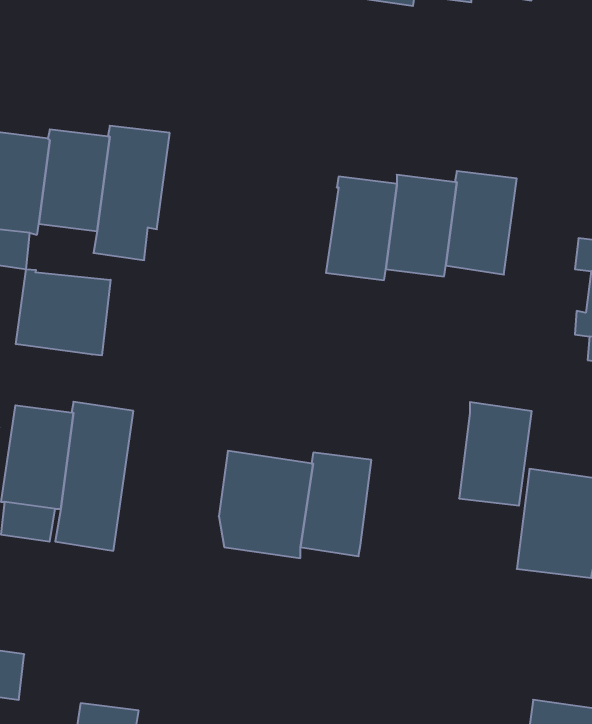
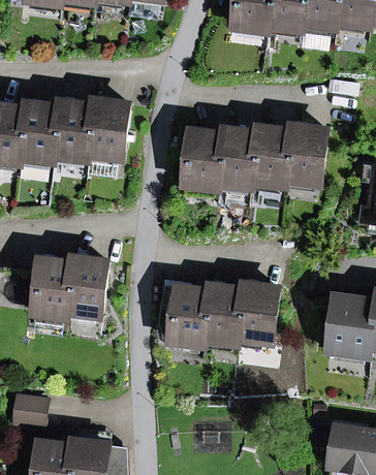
building: none -> [183,130,224,189]
building: [16,269,111,355] -> none
building: [459,402,532,506] -> [237,283,278,342]

